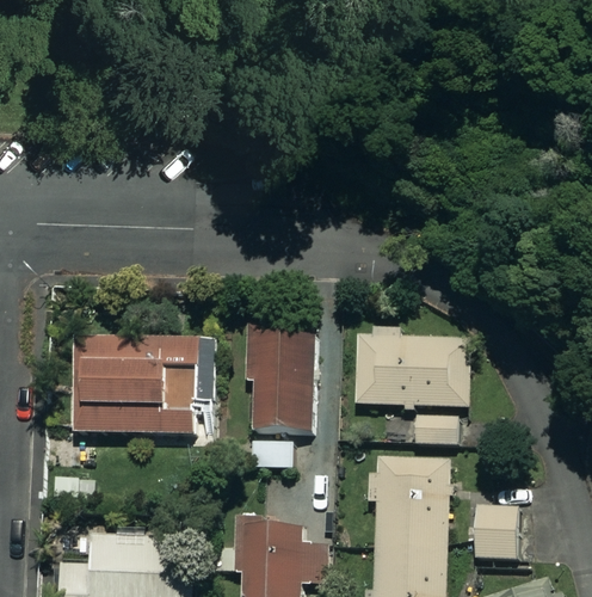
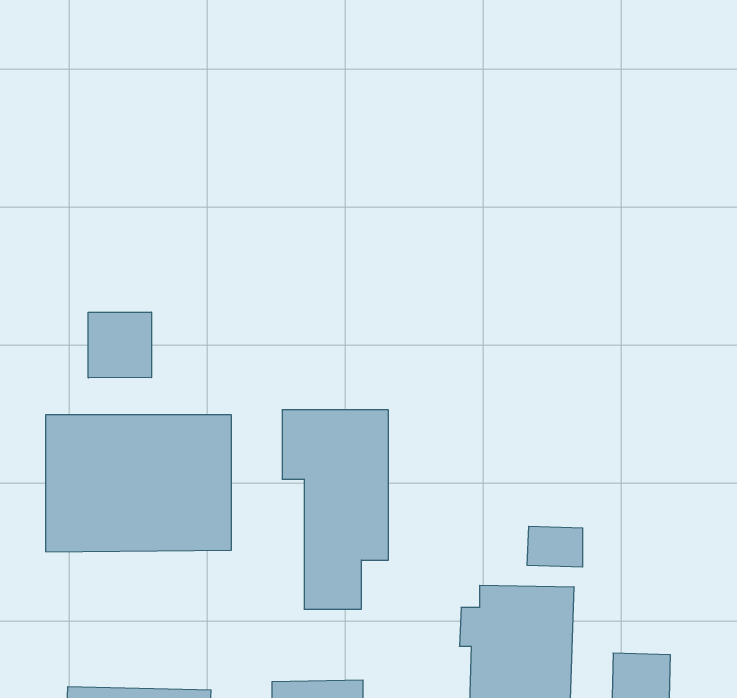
building: none -> [88,312,151,378]
building: [357,337,469,405] -> none

